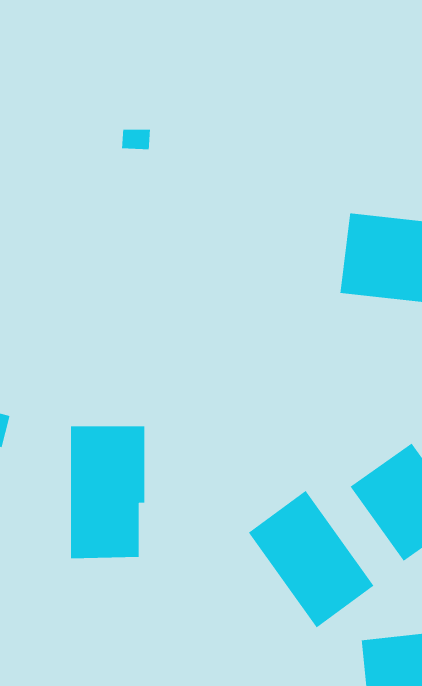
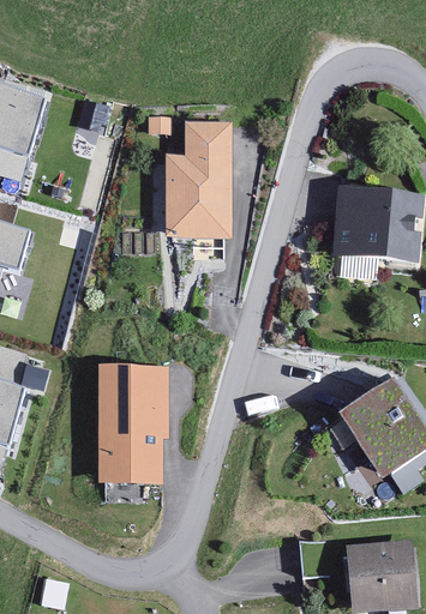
building: none -> [166,121,229,237]
building: [248,490,374,629] -> none

